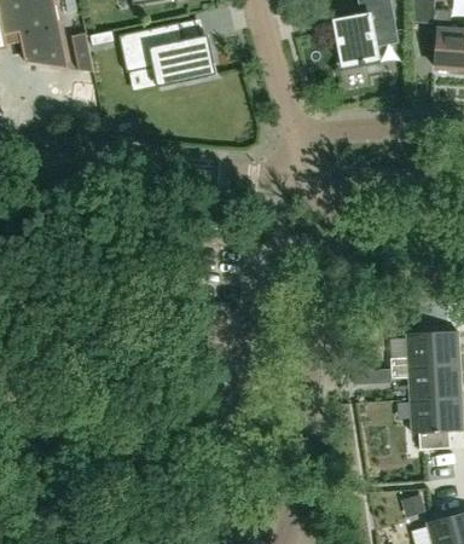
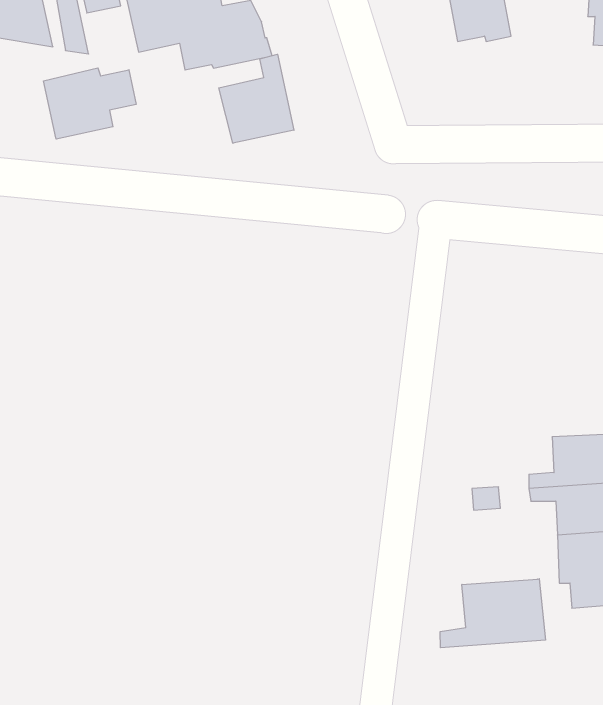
building: none -> [219,54,294,143]
building: none -> [44,68,136,139]
building: none -> [440,579,545,648]

